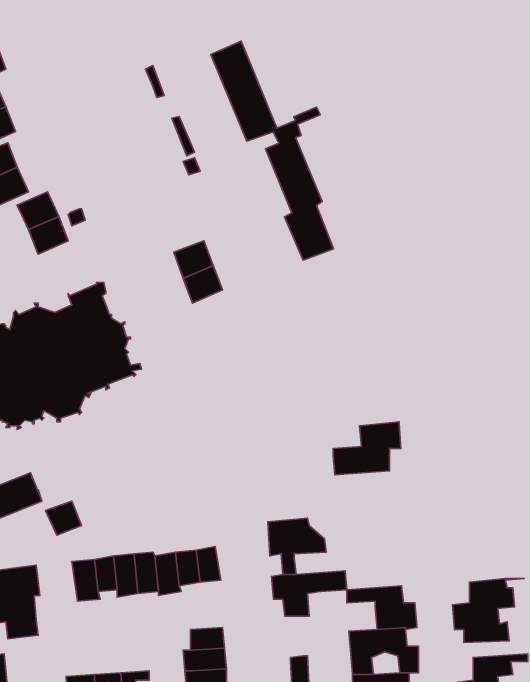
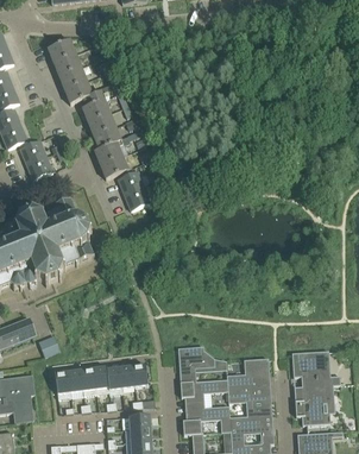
building: [211,41,333,260] -> [48,39,125,177]
building: [333,422,401,475] -> [227,357,270,390]
building: none -> [292,349,329,385]
building: none -> [183,404,231,434]

